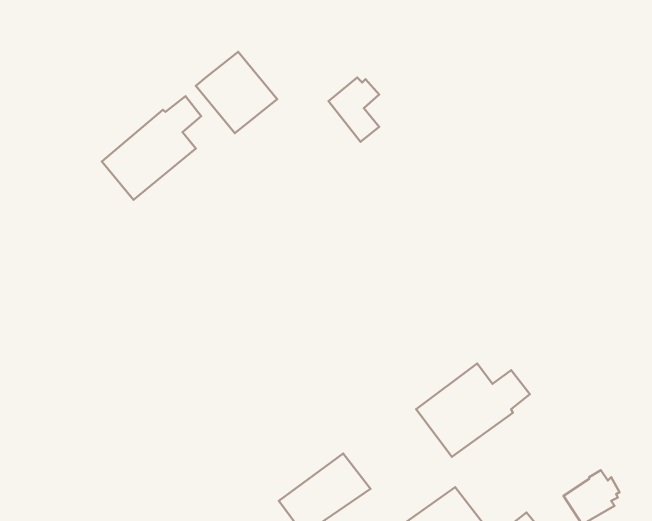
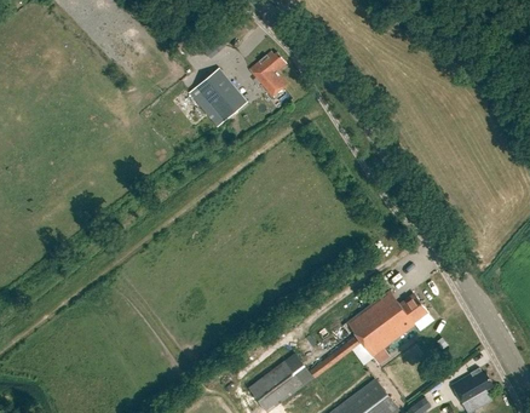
building: [328,78,379,142] -> [250,51,287,97]
building: [102,96,201,200] -> none

